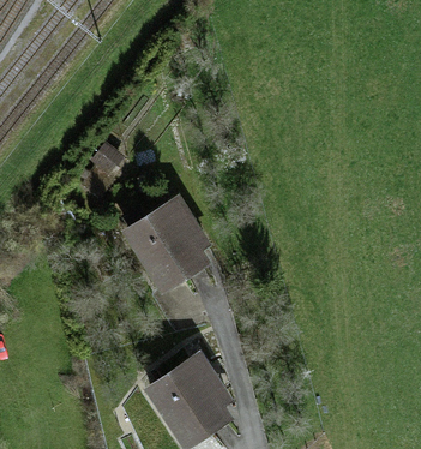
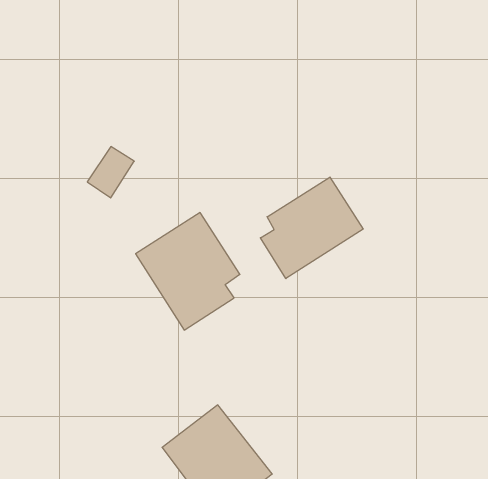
building: none -> [260,177,363,279]

